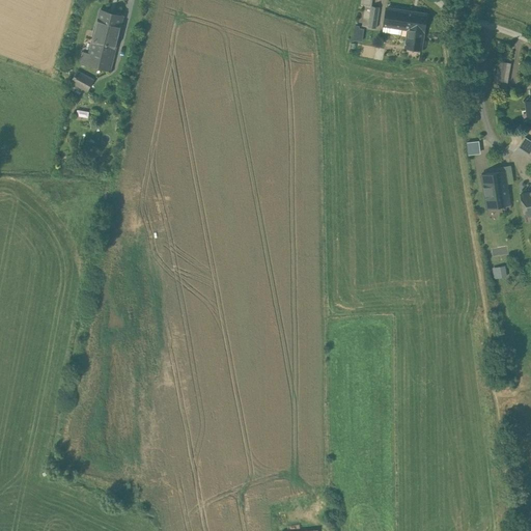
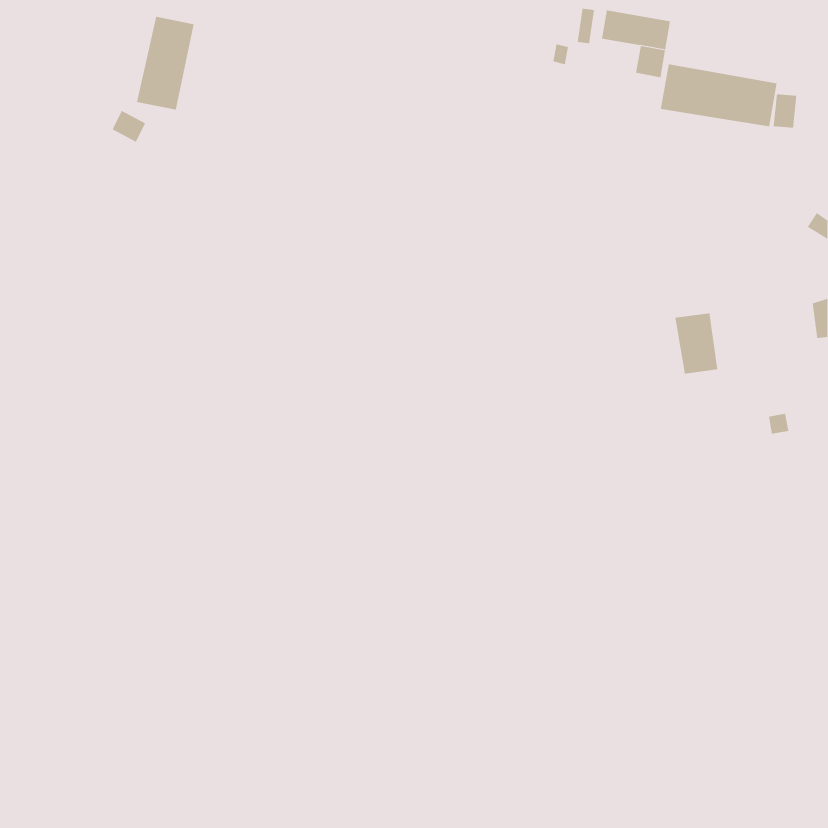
building: none -> [660,64,777,127]
building: [480,170,508,209] -> [674,313,718,374]

